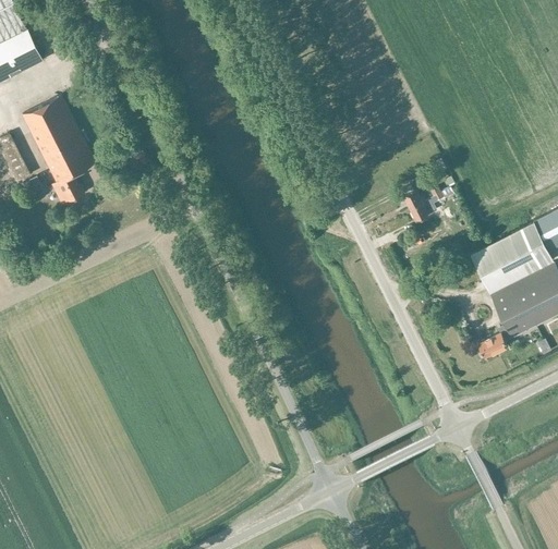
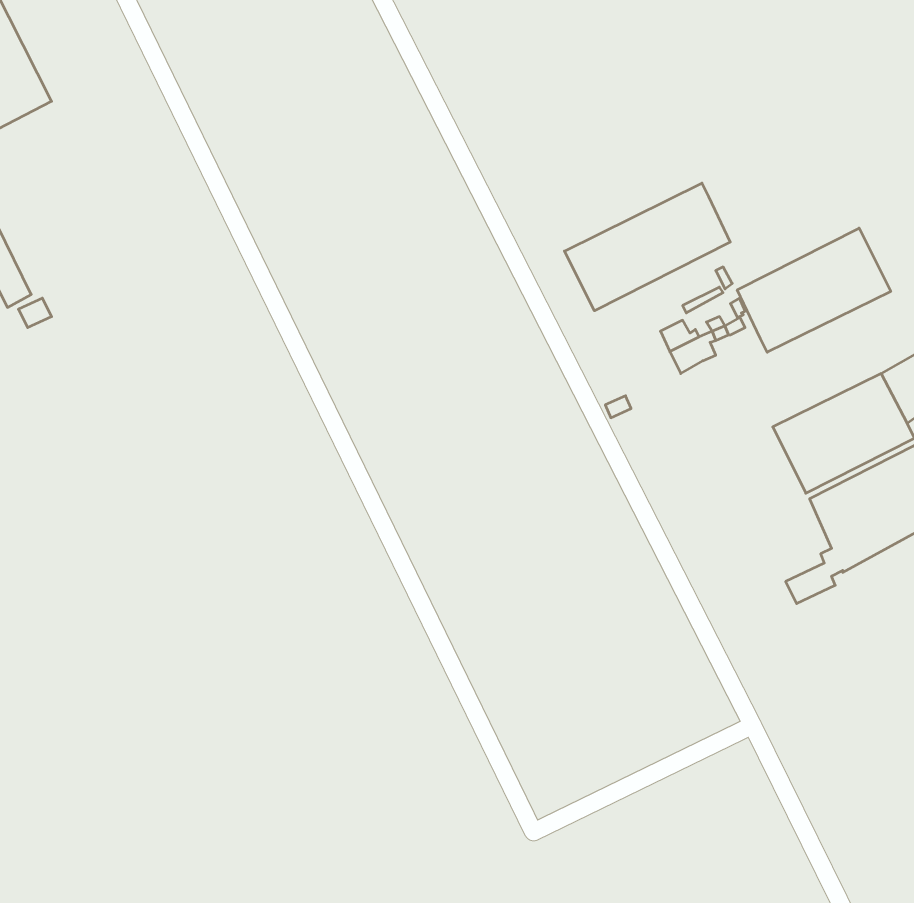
building: [22,97,95,205] -> none
building: none -> [564,183,730,311]
building: none -> [737,228,891,352]

